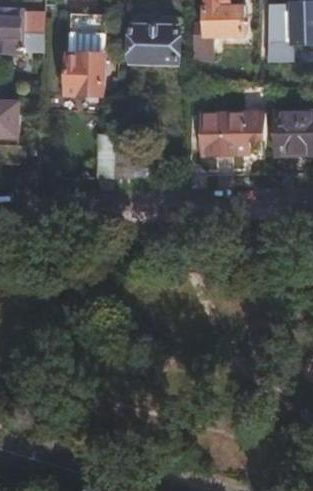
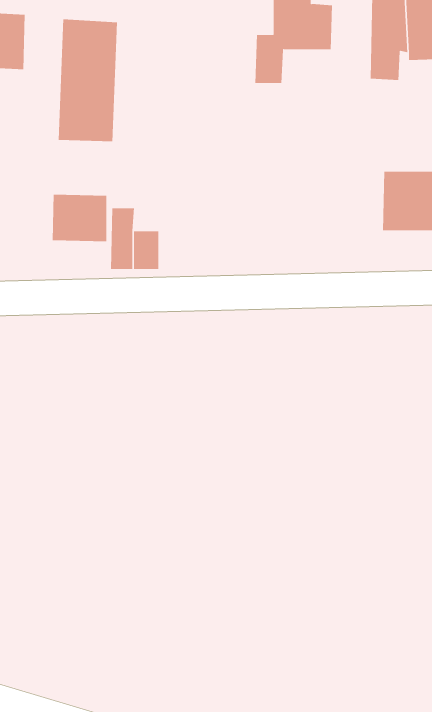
building: [133,24,181,62] -> none
building: [203,112,266,155] -> none
building: none -> [52,194,107,242]

